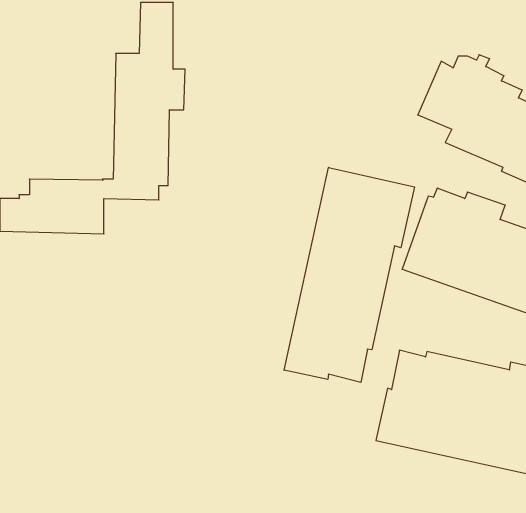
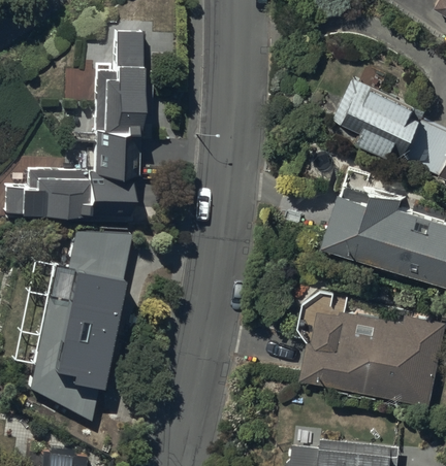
building: [284,167,414,382] -> none
building: none -> [23,233,126,424]

